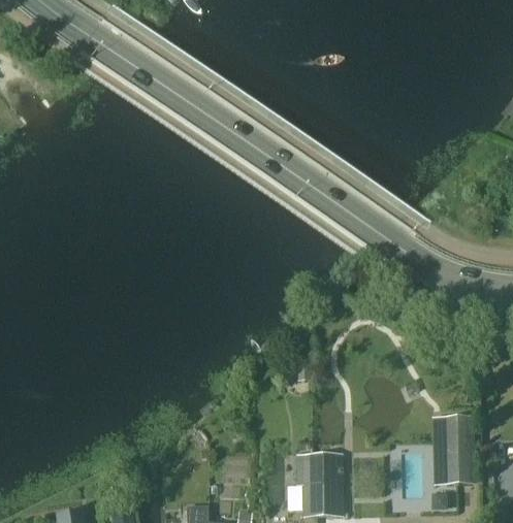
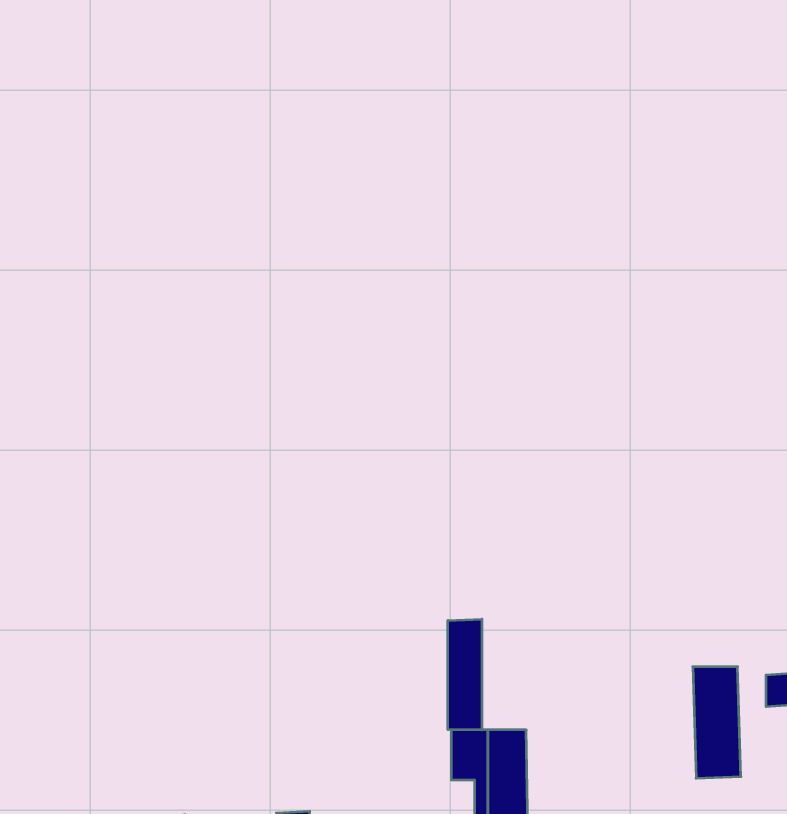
building: none -> [448,619,482,730]

